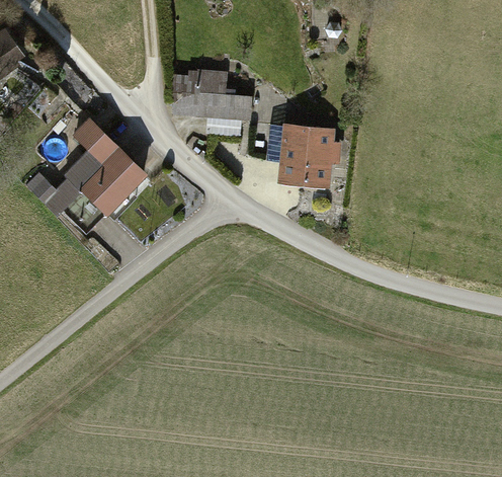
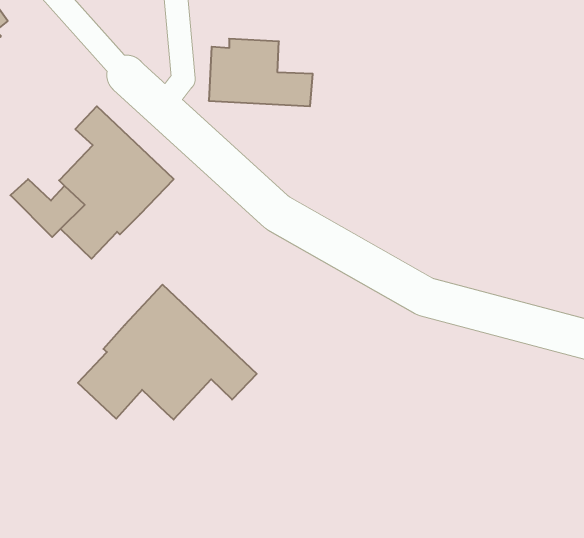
building: [276,123,343,187] -> none
building: none -> [78,285,257,420]

